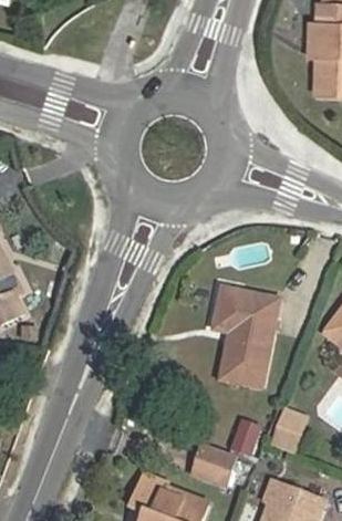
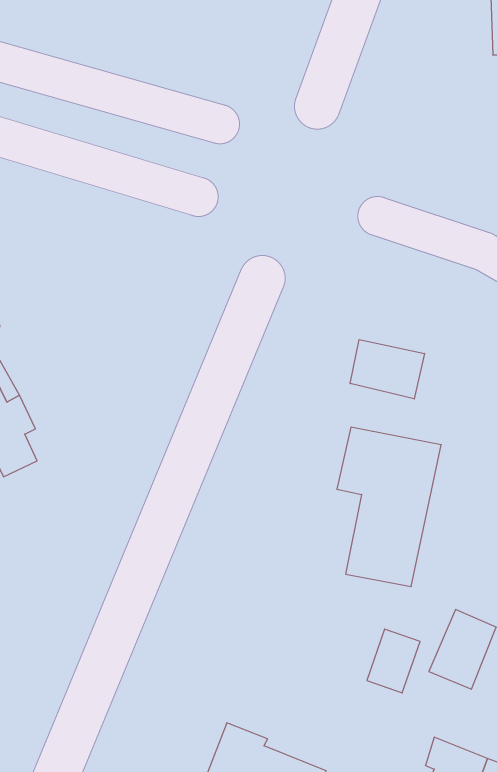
building: none -> [350,340,424,399]
building: [190,445,234,487] -> none

